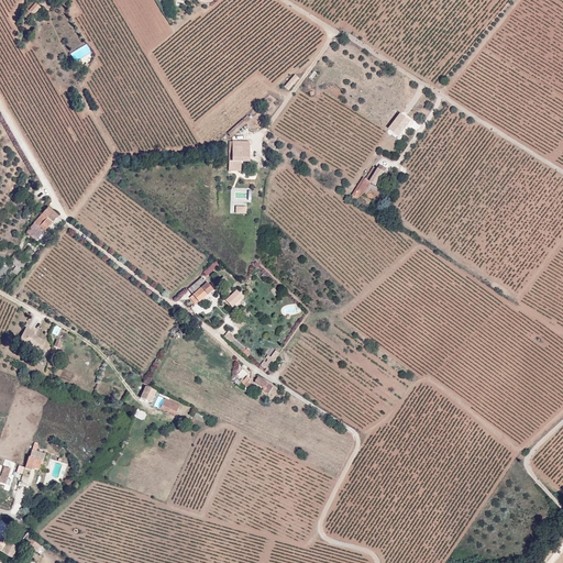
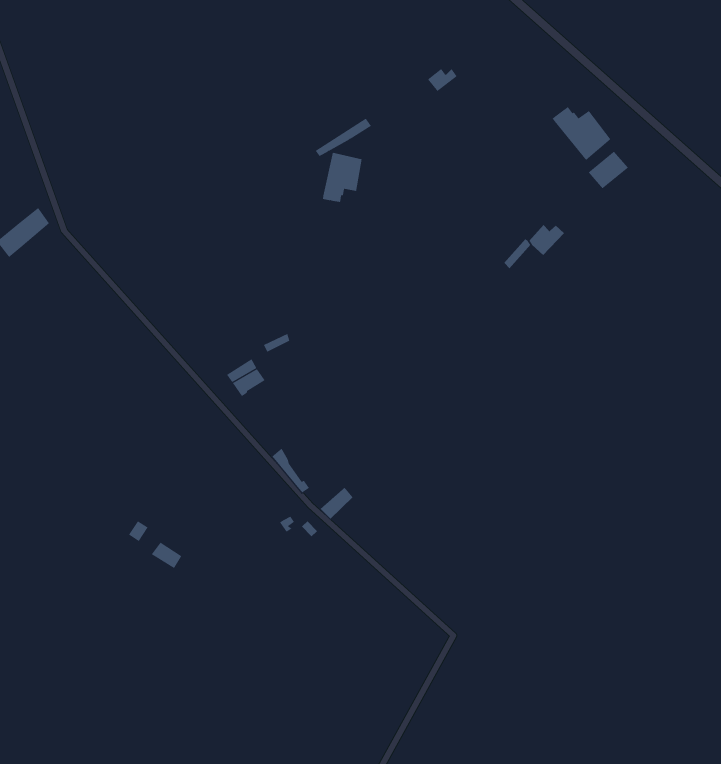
building: none -> [552,106,611,161]

